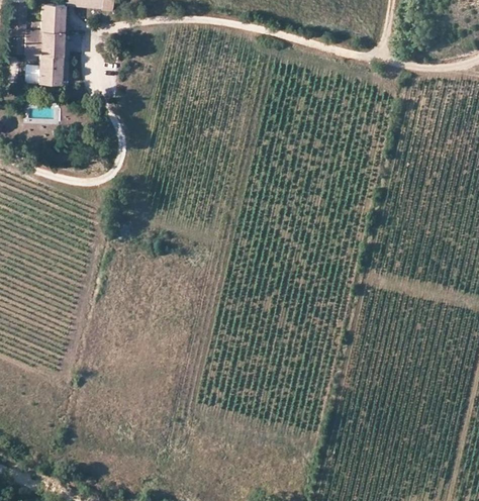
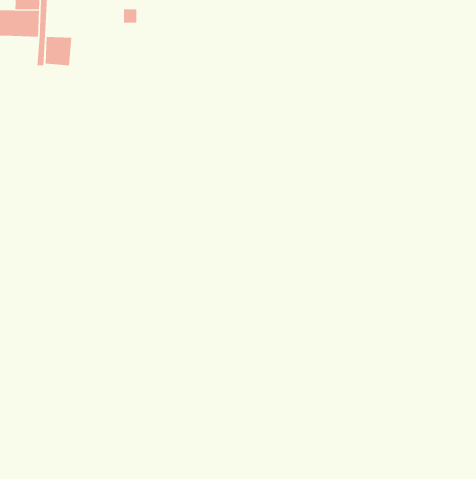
building: [34,56,60,83] -> [45,36,72,66]

